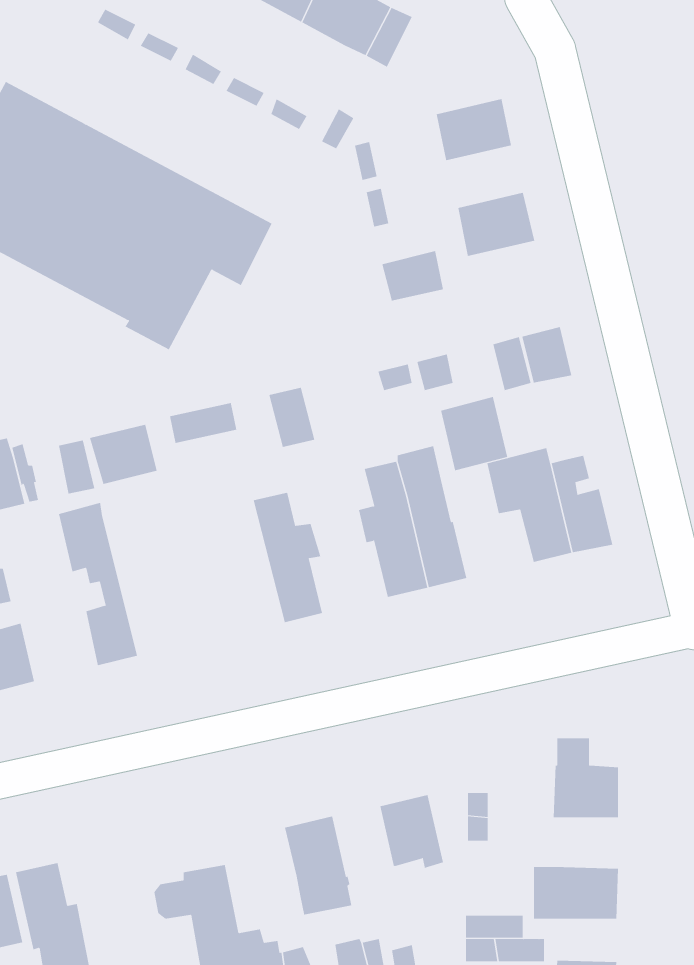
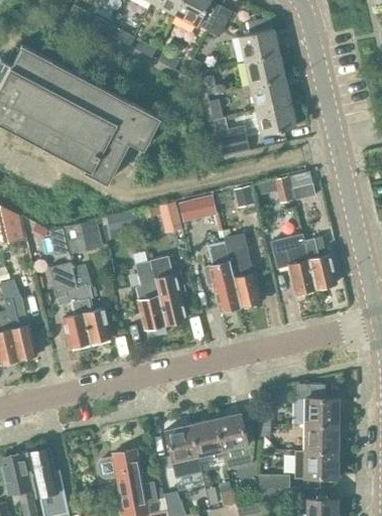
building: none -> [238,28,278,61]
building: none -> [249,78,289,110]
building: none -> [177,195,215,220]
building: [440,396,508,471] -> none
building: none -> [135,261,165,330]
building: none -> [72,267,111,342]
building: none -> [190,419,224,457]
building: none -> [304,425,339,452]

